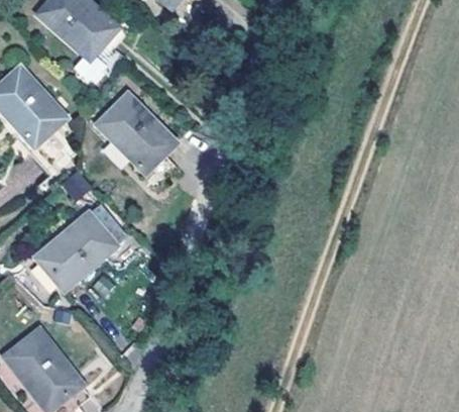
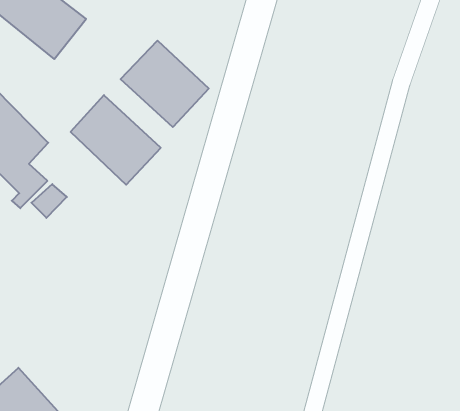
building: none -> [121,41,209,127]
building: [36,210,115,287] -> none

